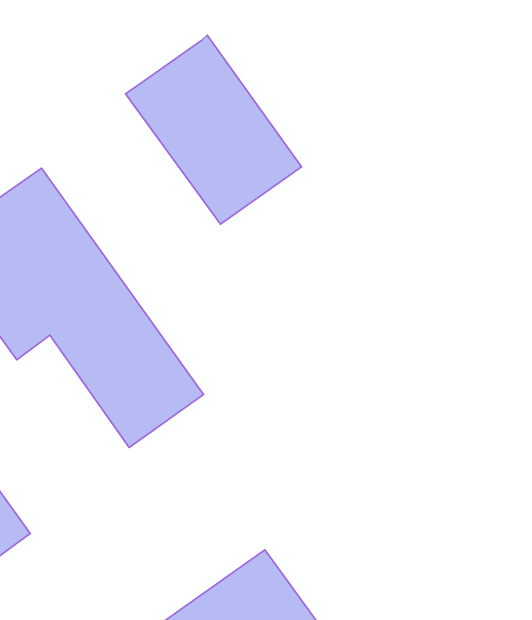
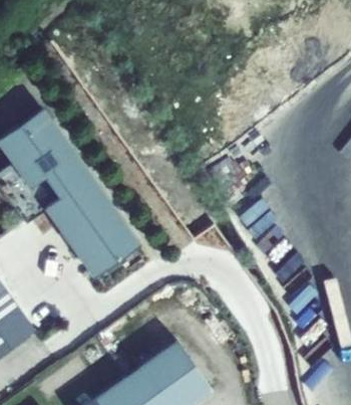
building: [126,35,301,224] -> none

